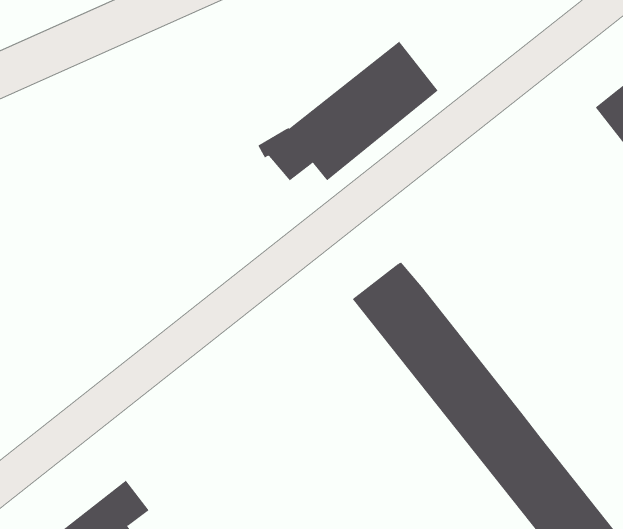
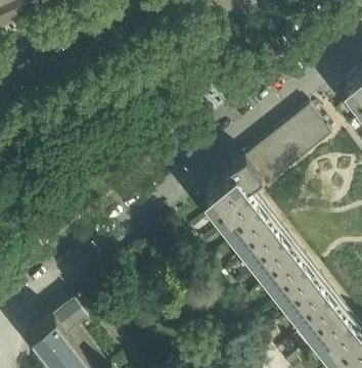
building: [257,41,438,181] -> [227,114,331,195]

